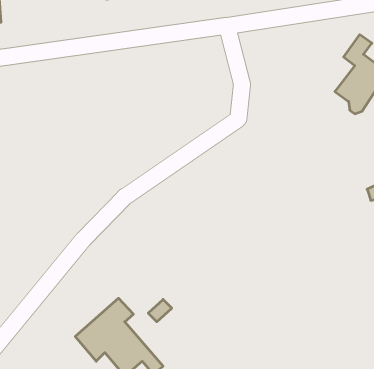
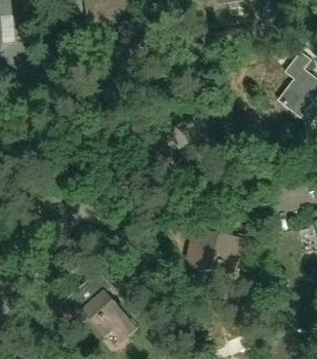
building: none -> [187,229,239,273]

